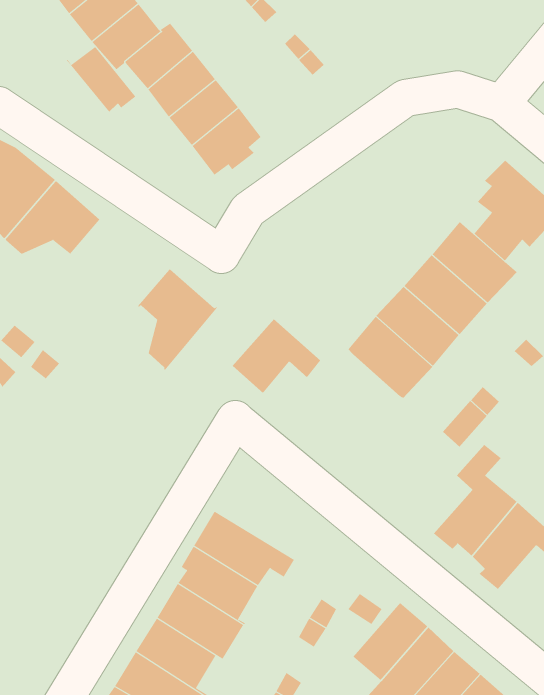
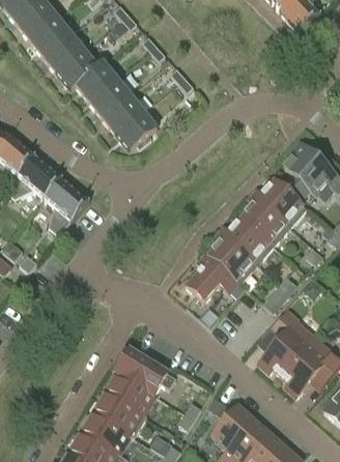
building: [66,46,136,112] -> none
building: [137,267,218,371] -> [42,176,90,237]
building: [232,318,321,394] -> [186,257,238,301]

